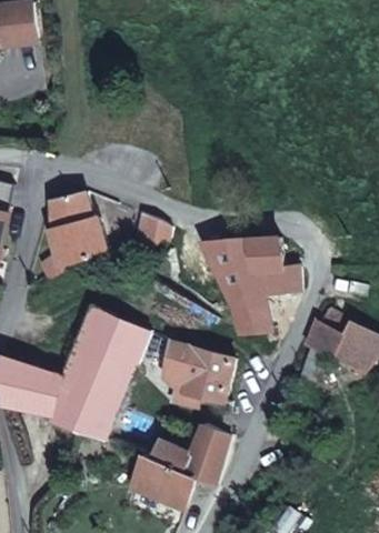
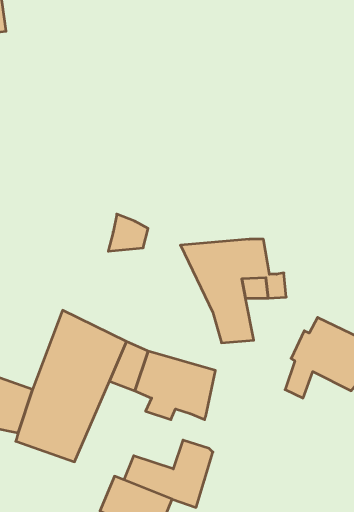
building: [39,191,102,279] -> none

